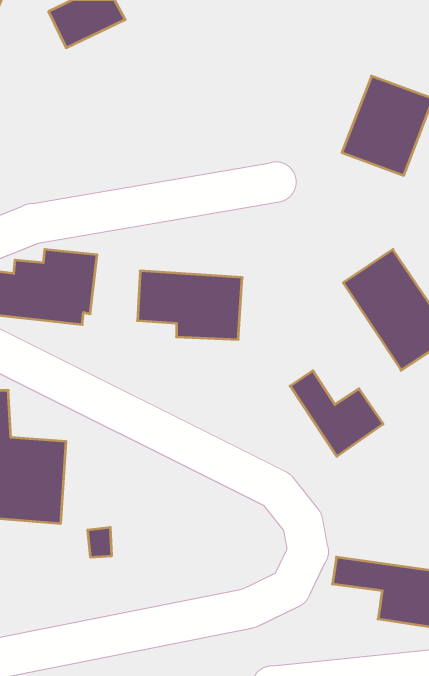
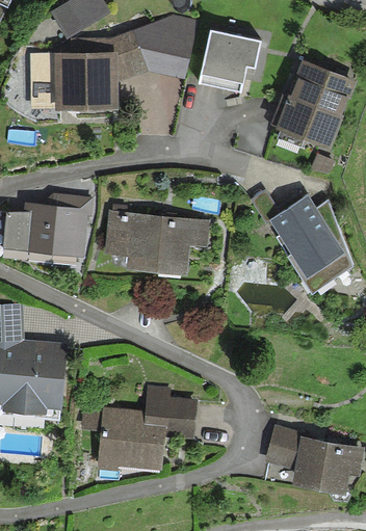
building: none -> [31,21,191,106]
building: none -> [198,30,256,89]
building: [290,371,383,456] -> none
building: none -> [102,404,187,464]

